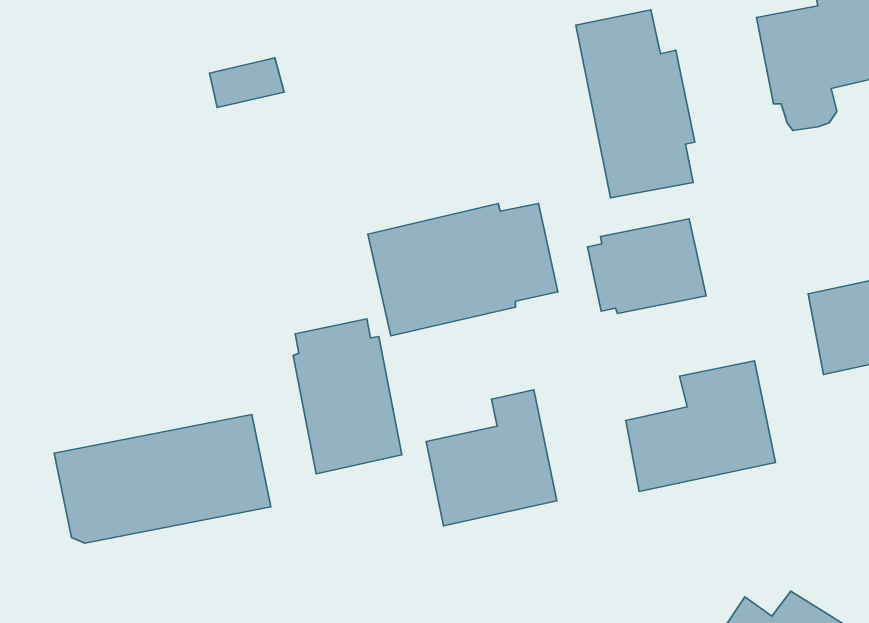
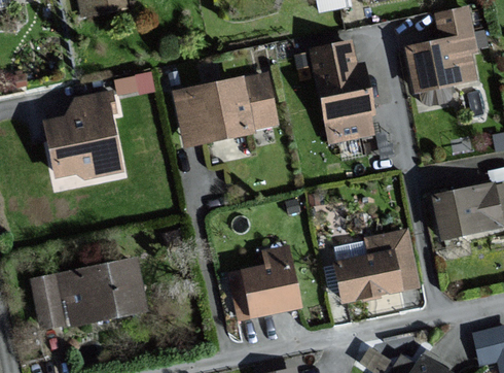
building: none -> [45,93,123,177]
building: [368,203,558,336] -> [174,76,276,147]
building: [587,219,706,313] -> none
building: [293,319,402,474] -> none

